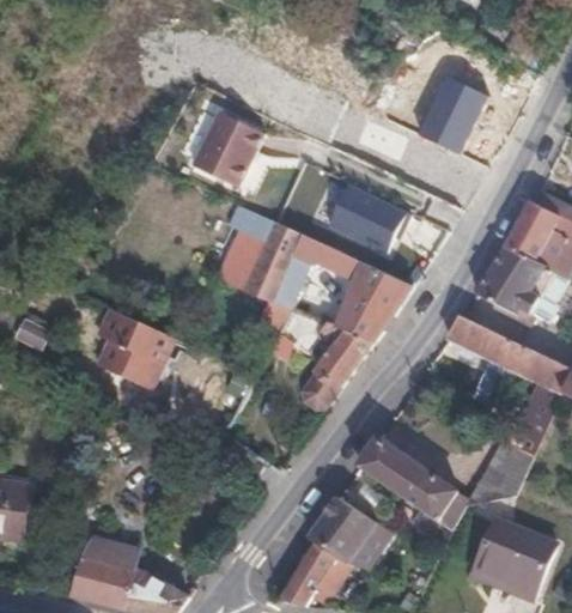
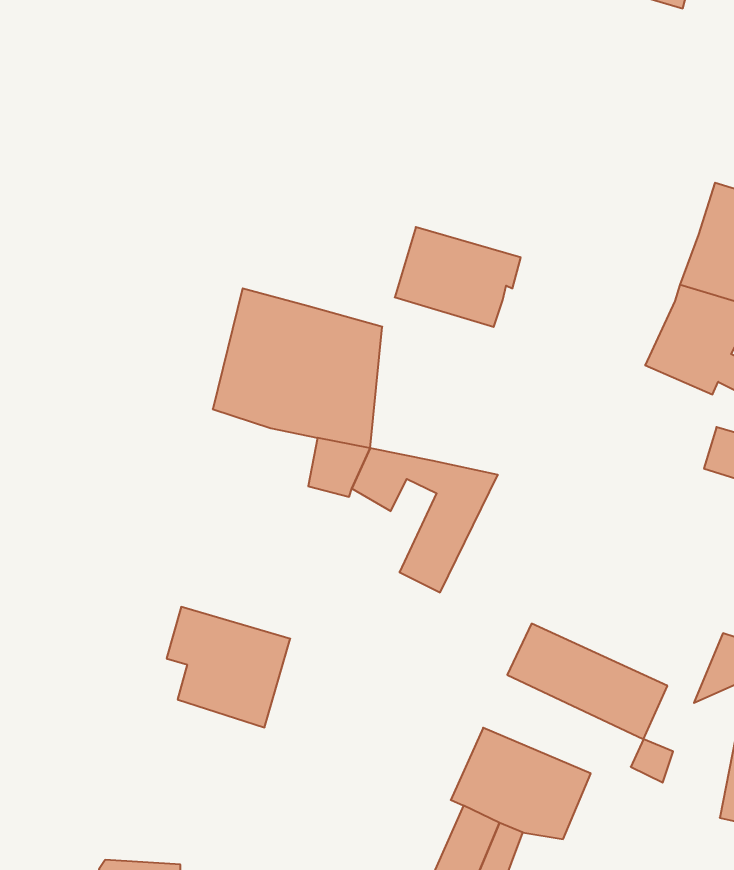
building: [412,72,482,151] -> none
building: [189,108,264,186] -> none
building: [320,245,412,344] -> none
building: [97,308,175,390] -> [167,607,290,727]
building: [446,314,511,362] -> none

